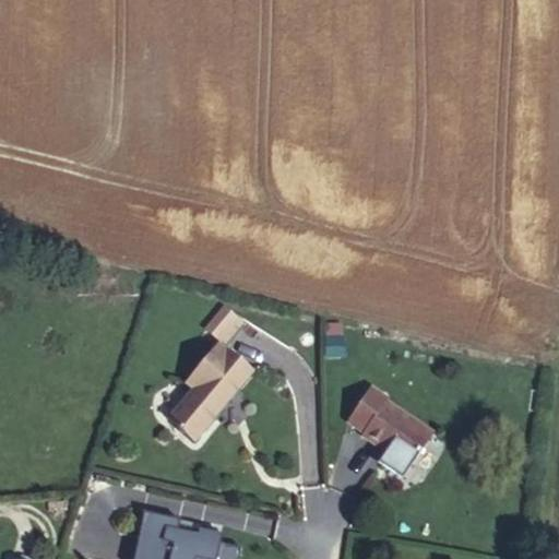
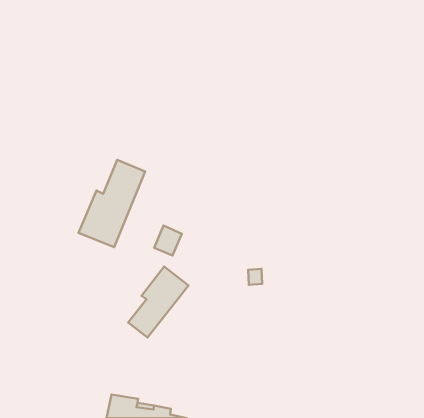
building: none -> [78,160,145,247]
building: [348,389,436,467] -> none

